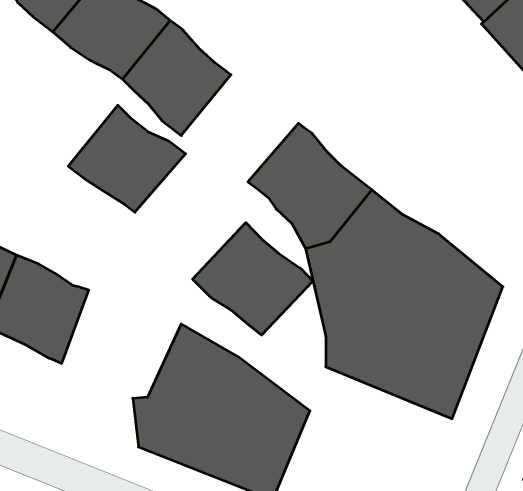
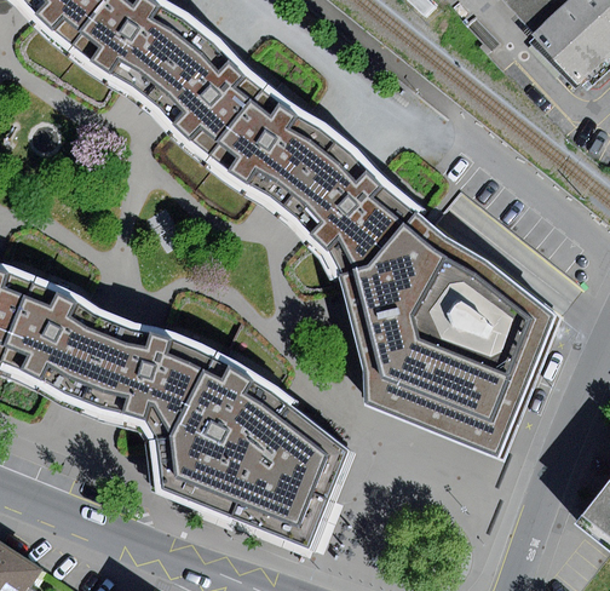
building: [68,105,186,212] -> [209,87,335,202]
building: [193,223,313,335] -> none
building: none -> [81,319,209,435]

